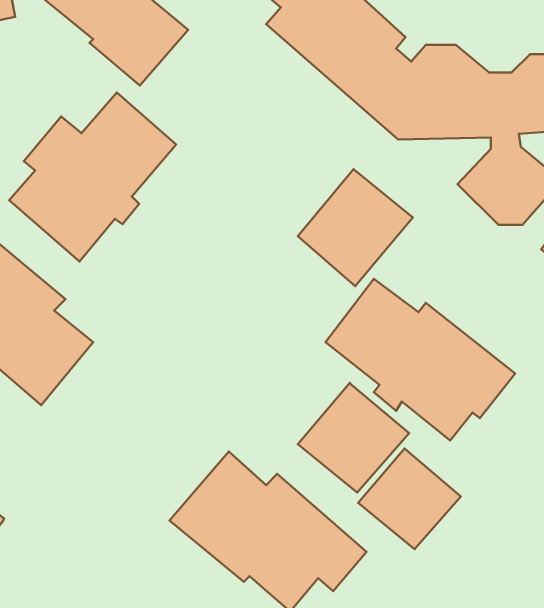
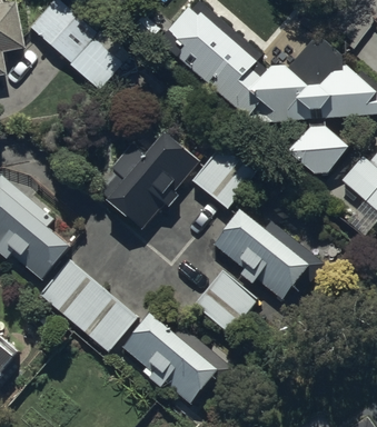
building: [9,92,176,261] -> [101,127,201,228]
building: none -> [38,258,137,351]
building: [358,449,461,549] -> none

